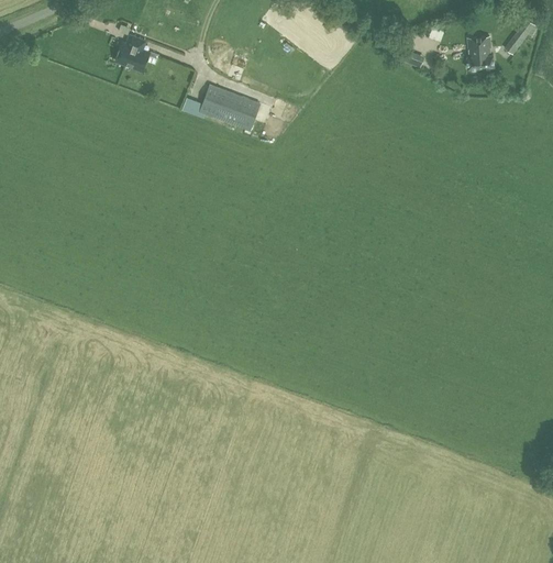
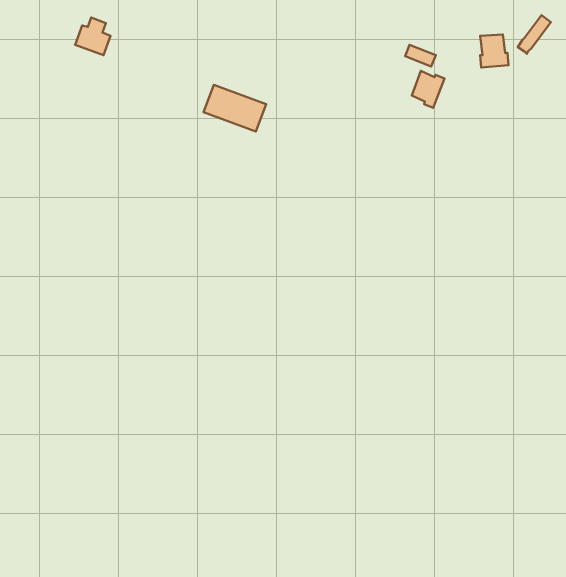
building: [115,34,150,70] -> [75,18,110,55]
building: none -> [412,71,445,108]

